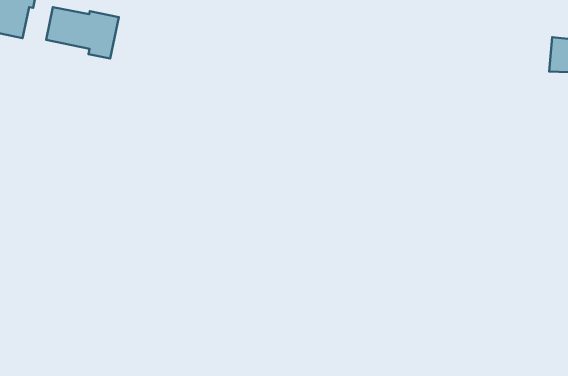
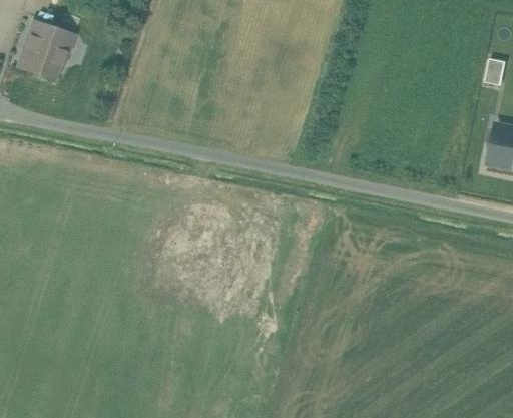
building: [46,7,119,59] -> none

